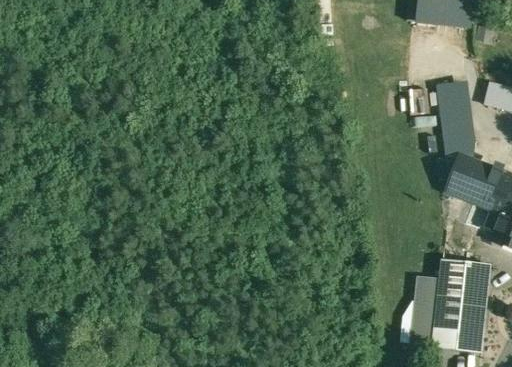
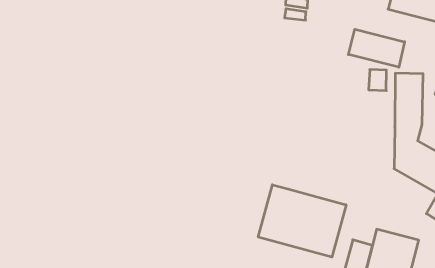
building: none -> [348,29,405,67]
building: none -> [258,185,346,257]

